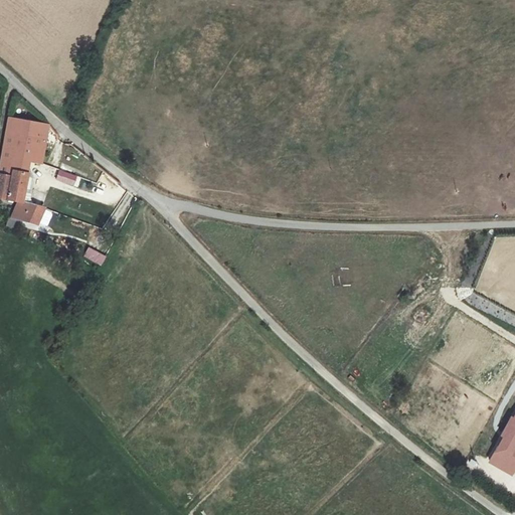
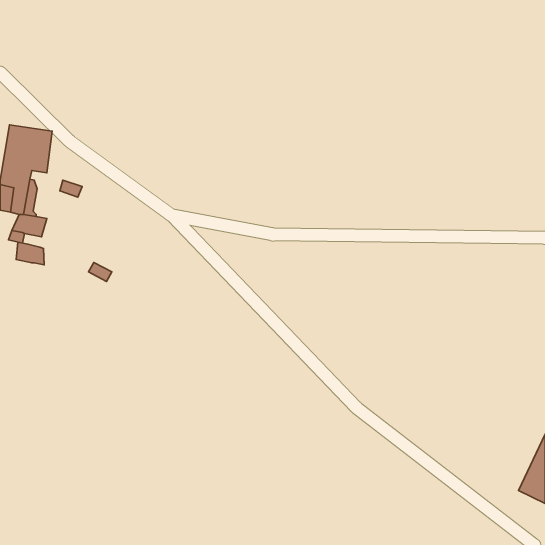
building: none -> [16,242,44,265]

